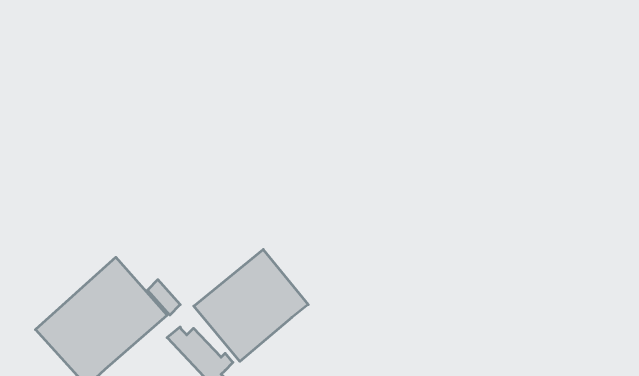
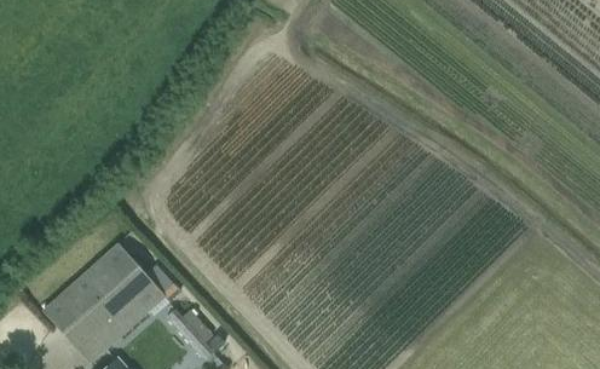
building: [194,249,308,361] -> none

